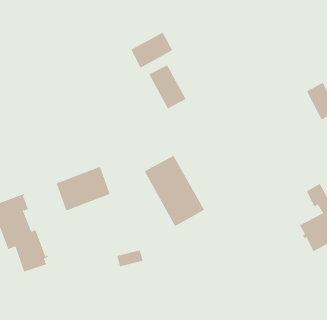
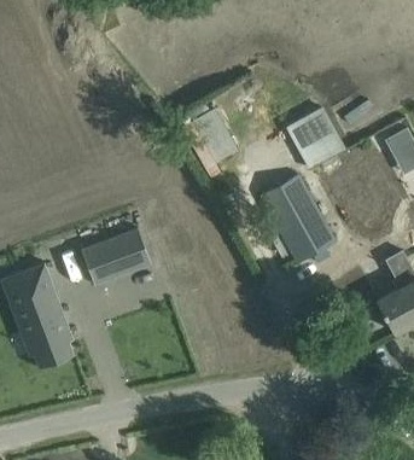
building: [130,32,173,68] -> none
building: none -> [285,106,343,169]
building: [144,155,205,227] -> [262,176,336,263]

